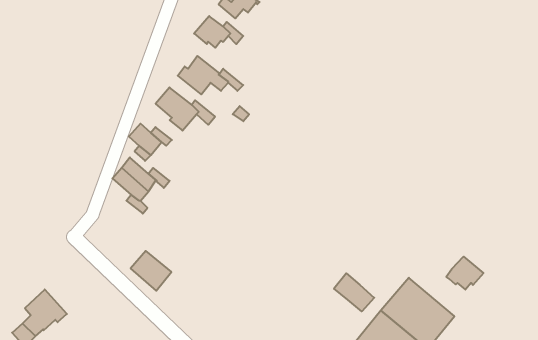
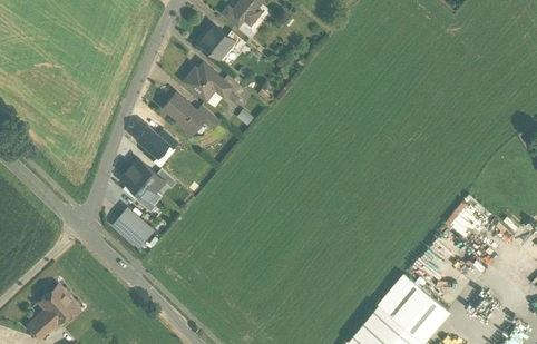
building: [131,251,171,291] -> [113,210,152,248]
building: [446,257,483,290] -> none
building: [334,273,374,311] -> none

